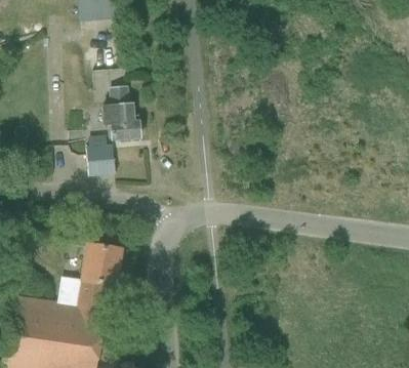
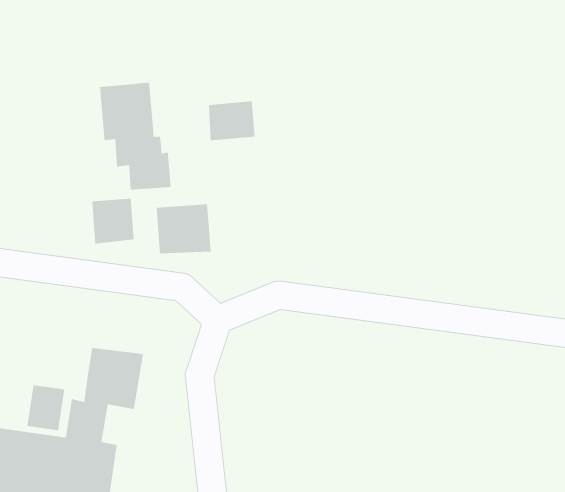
building: none -> [209,101,255,141]
building: none -> [156,203,211,254]

